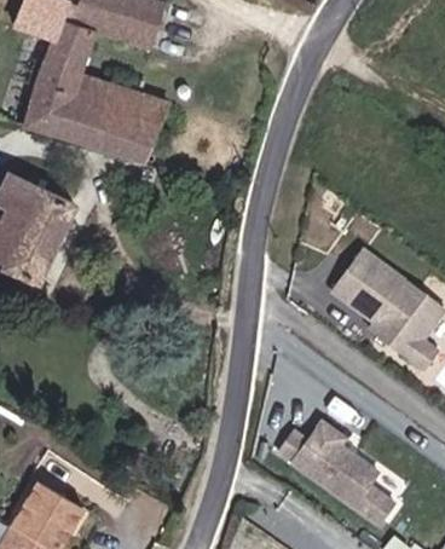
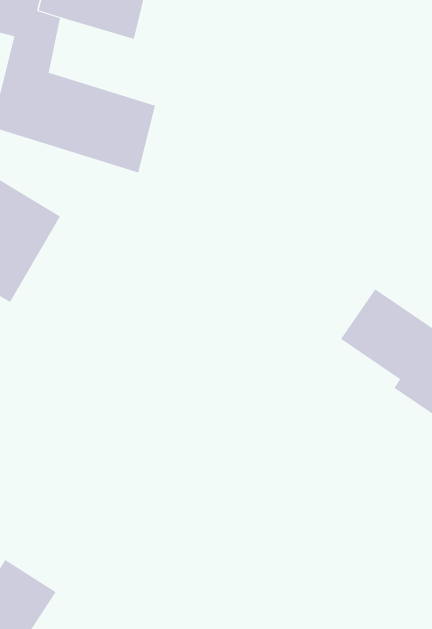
building: [276,428,394,528] -> none

